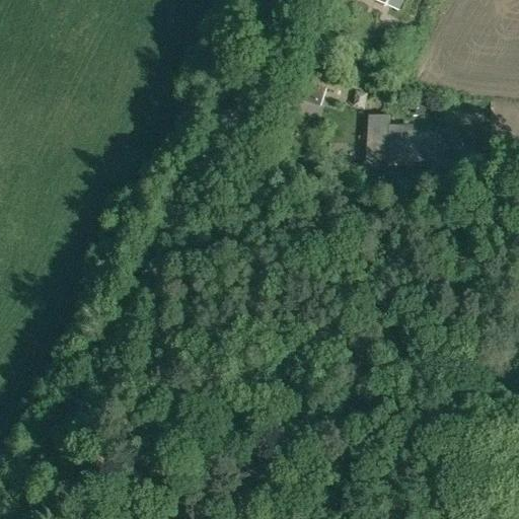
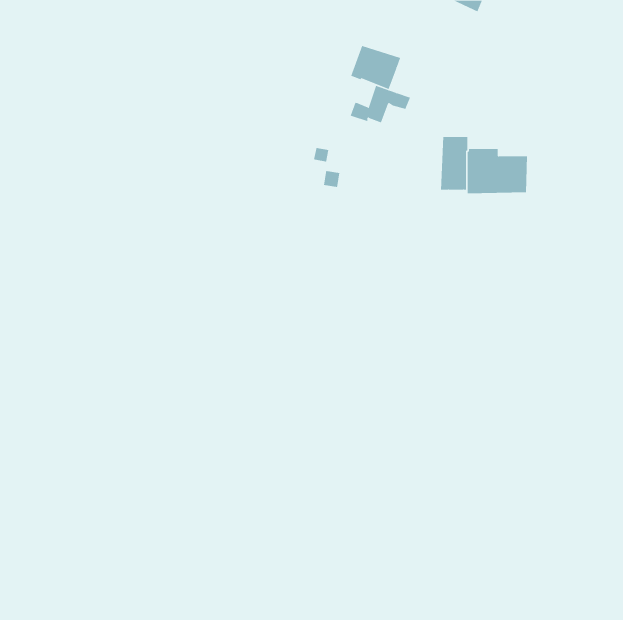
building: none -> [351,45,401,90]

